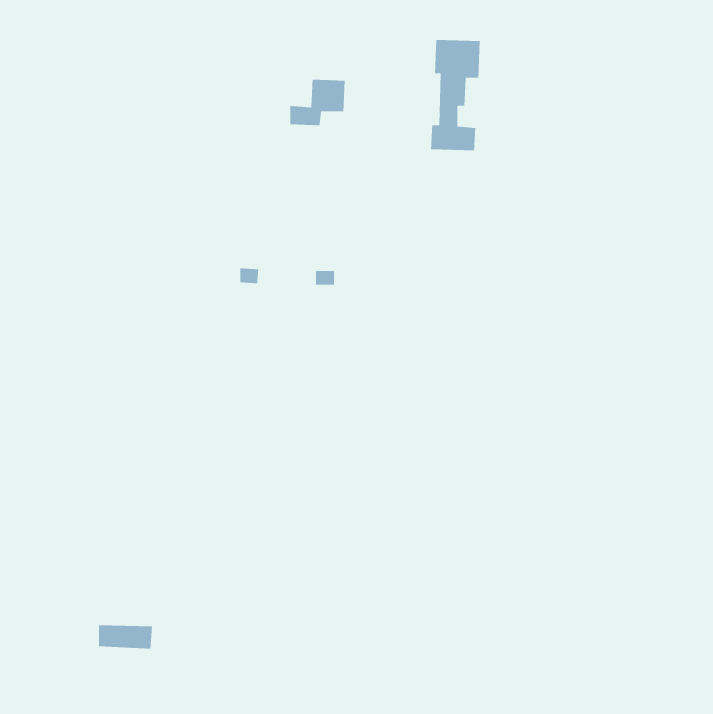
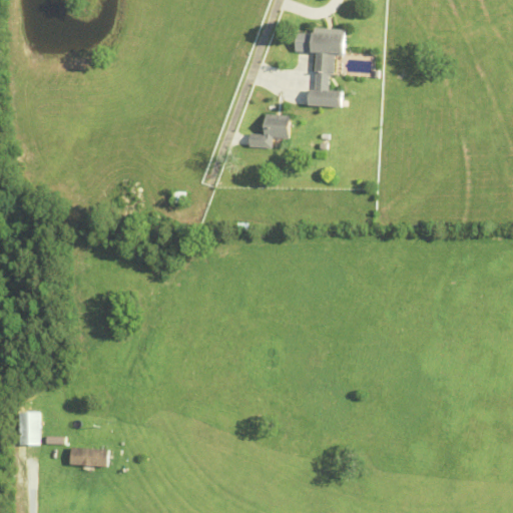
building: [289,79,346,126] -> [248,114,289,148]
building: none -> [18,413,40,446]

